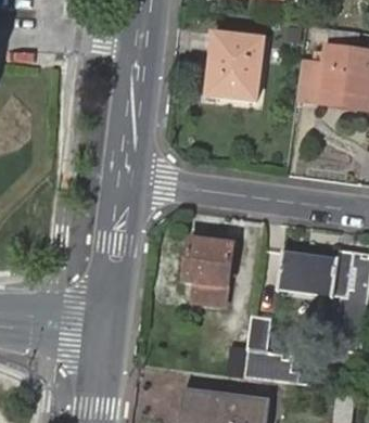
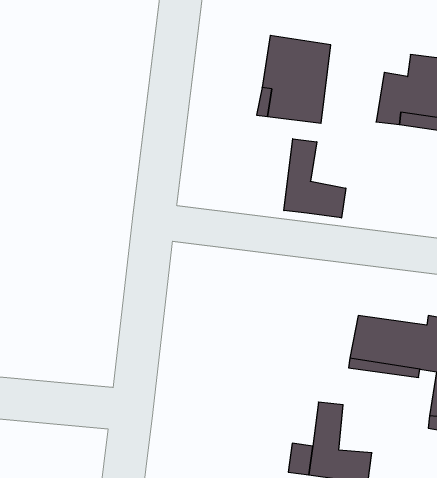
building: none -> [284,139,346,218]
building: [183,238,233,306] -> none

